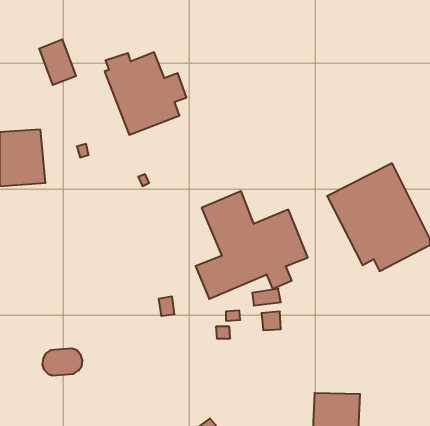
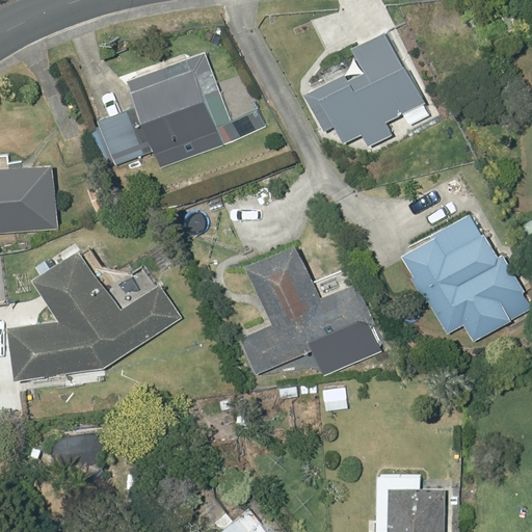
building: none -> [299,25,427,151]
building: [39,39,76,85] -> [97,112,142,168]
building: none -> [7,247,180,379]

